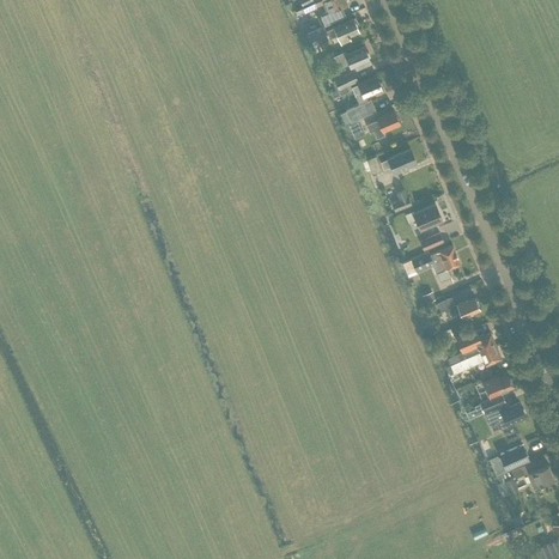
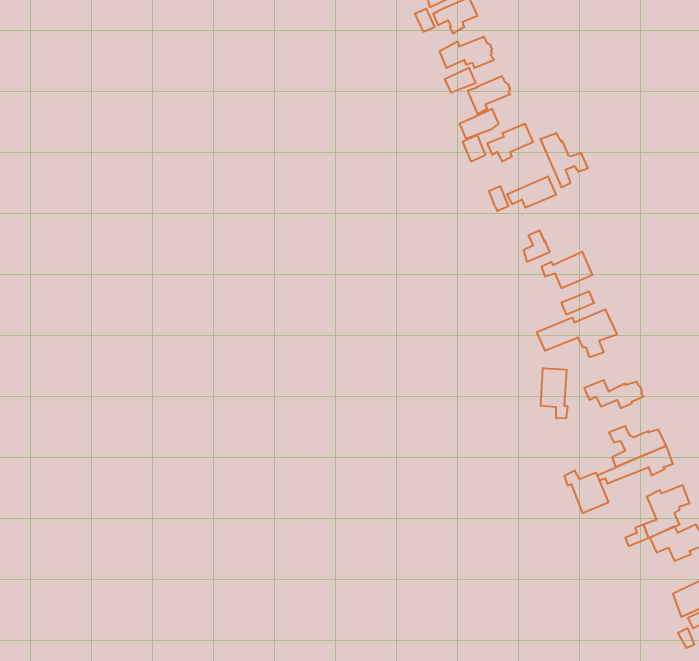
building: none -> [540,133,588,188]
building: none -> [541,368,567,419]
building: none -> [564,470,608,513]

